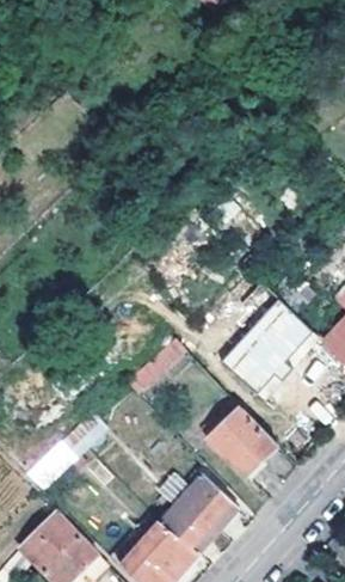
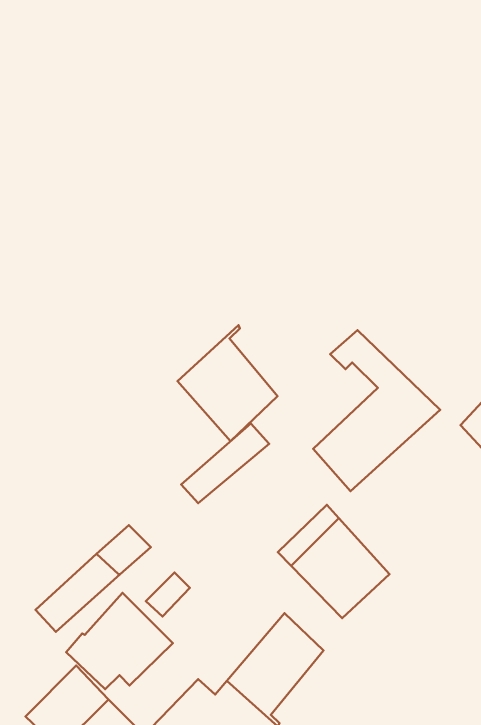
building: none -> [177,325,277,441]
building: none -> [66,593,173,689]

